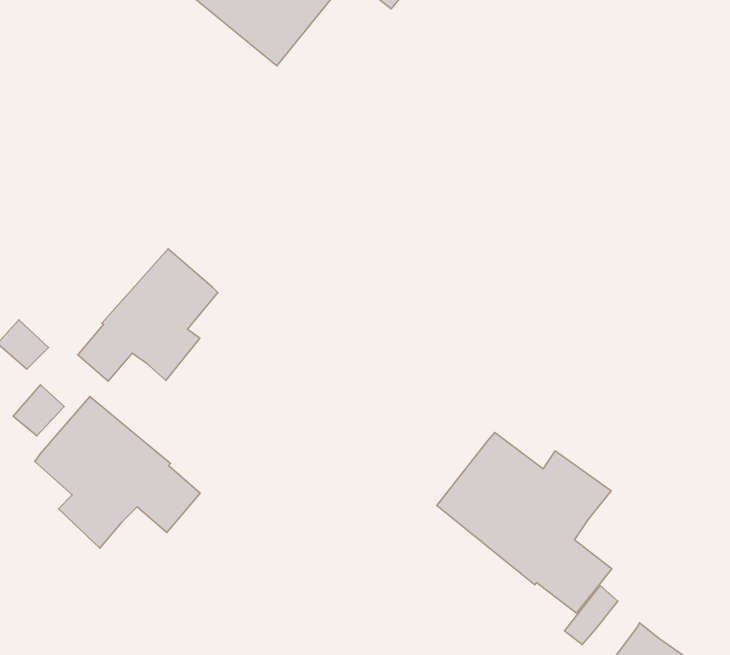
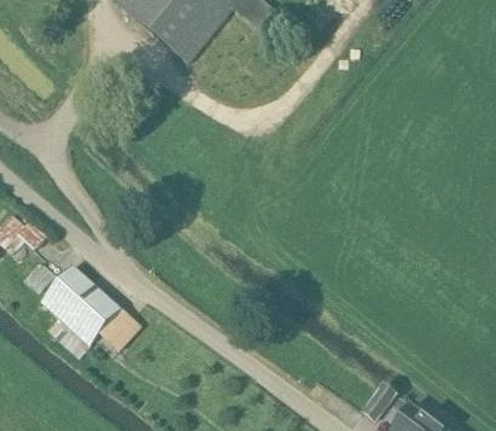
building: [78,249,218,381] -> none
building: [437,432,612,613] -> none

